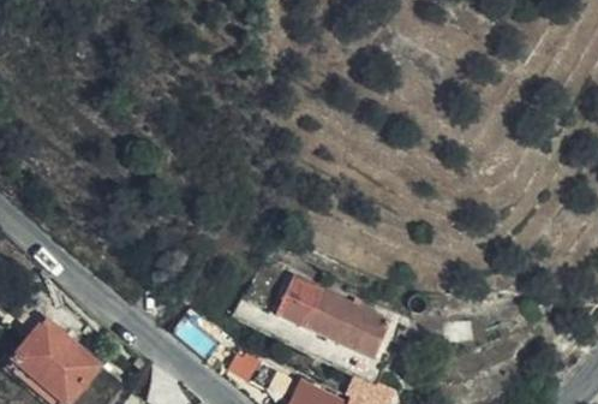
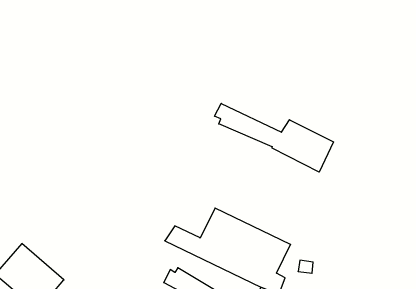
building: none -> [215,103,334,172]

